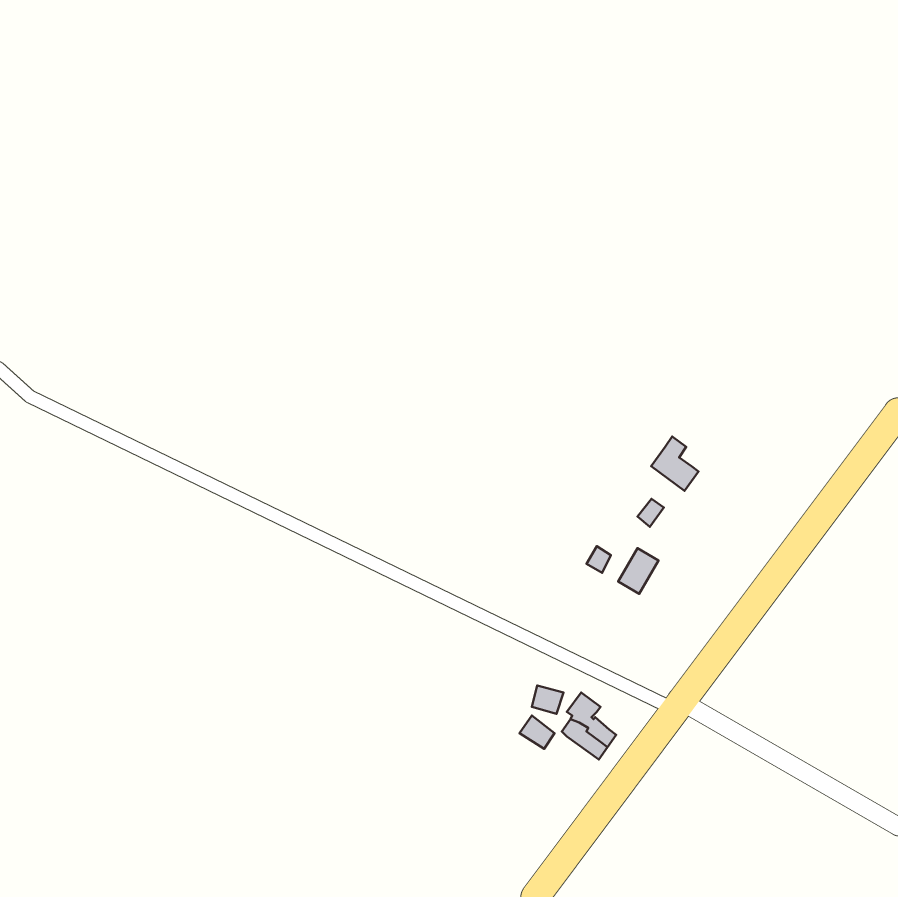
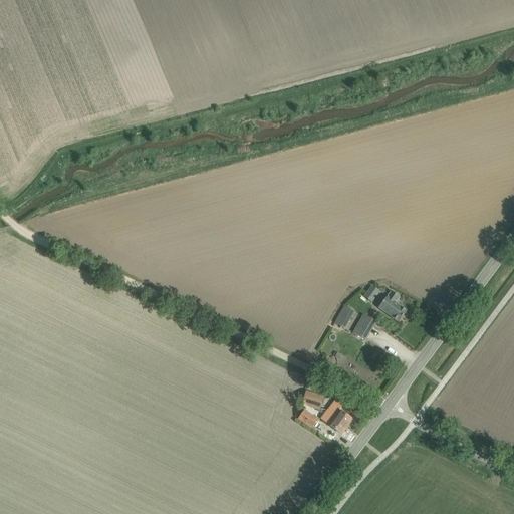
building: [651,436,699,491] -> [378,289,406,320]

